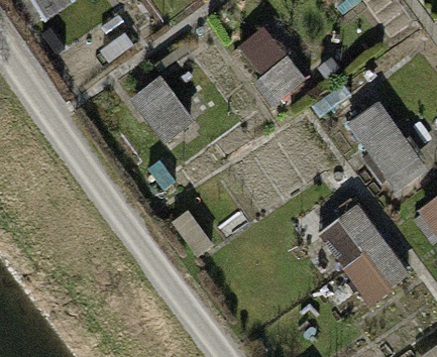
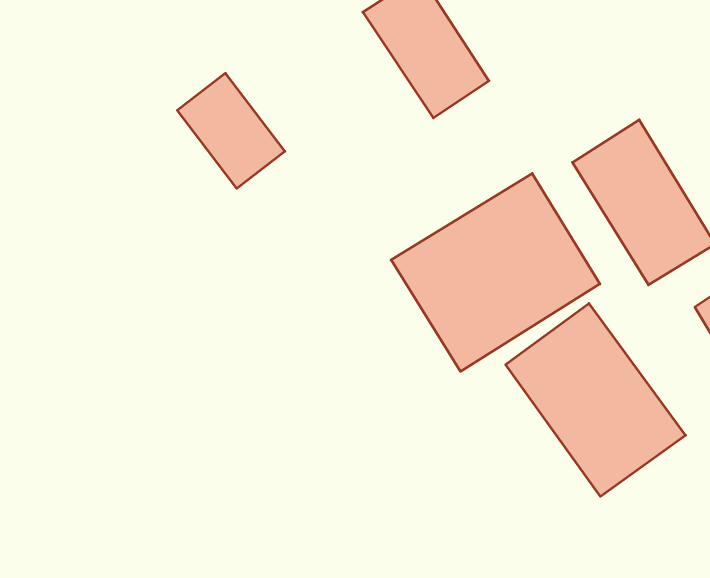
building: none -> [391,173,600,371]

